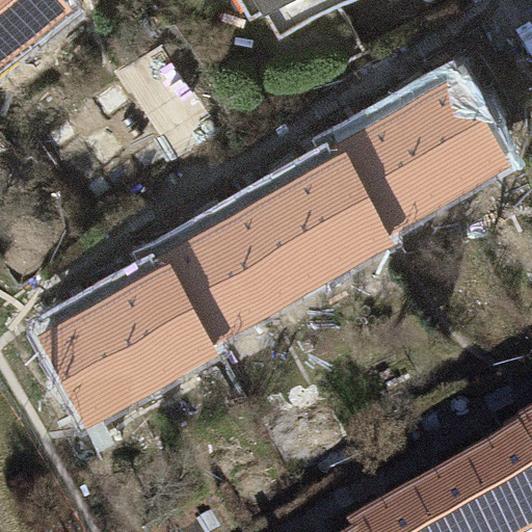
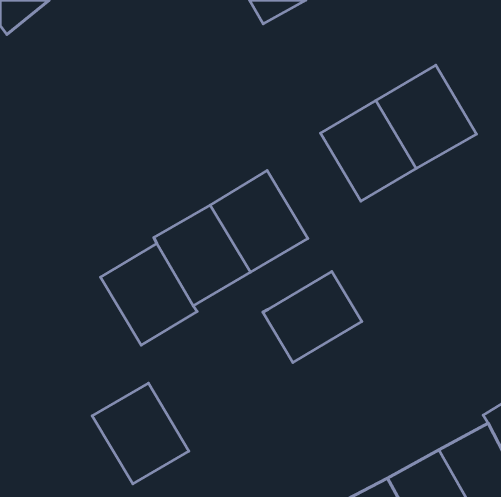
building: [285,153,385,259] -> none
building: none -> [263,271,362,362]
building: [50,299,152,405] -> [92,383,189,484]

